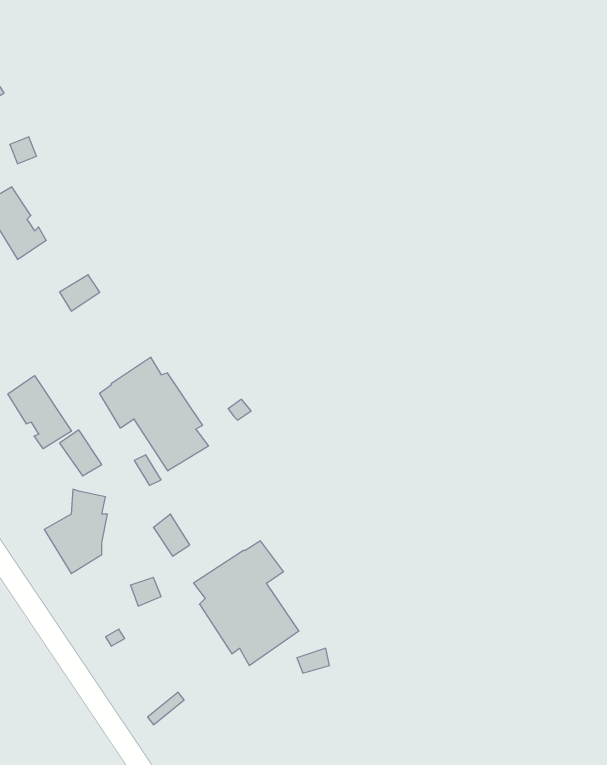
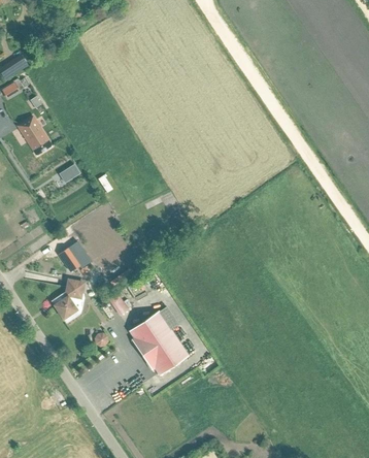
building: [100,357,208,471] -> none
building: [8,376,71,449] -> none

